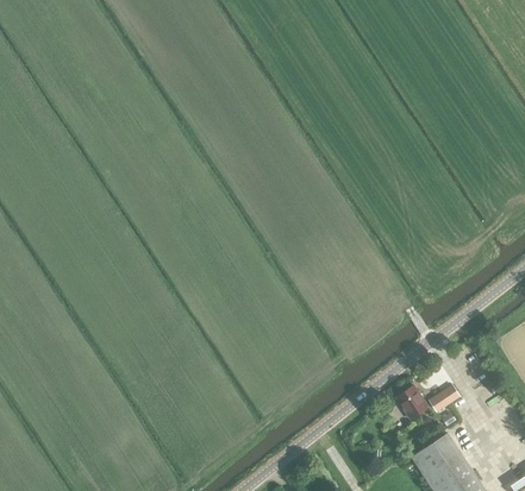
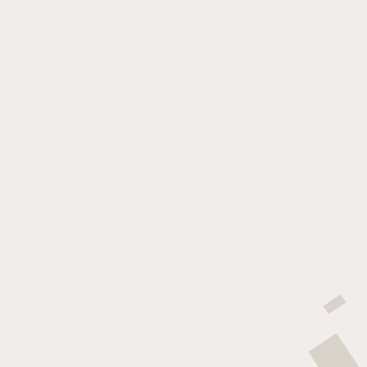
building: [396,385,429,418] -> none

